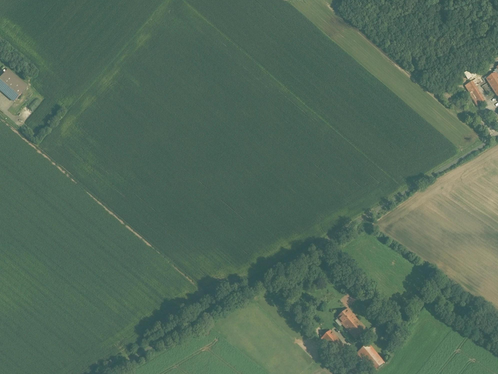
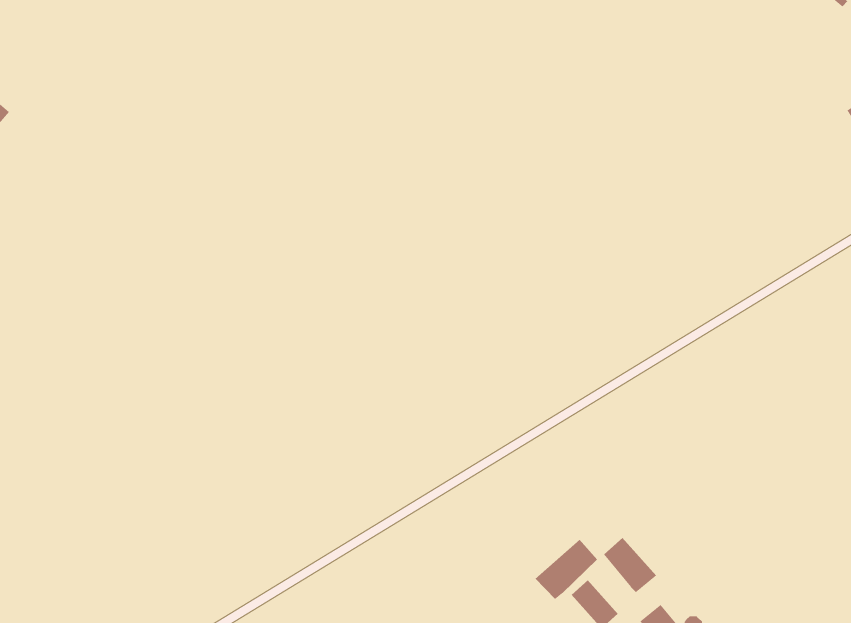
building: none -> [535,539,598,600]

